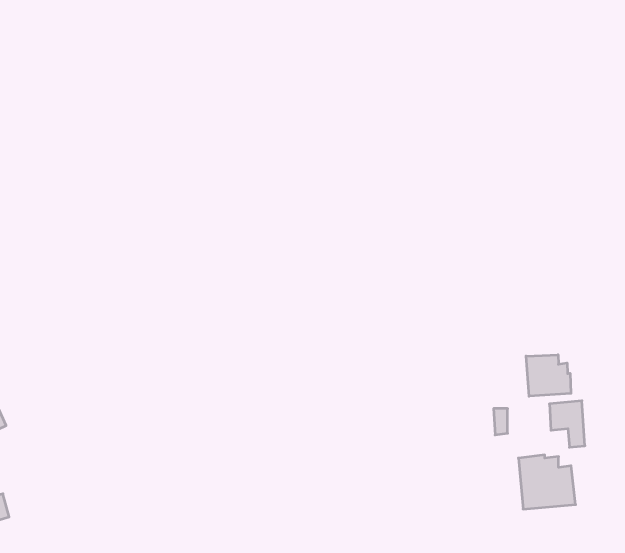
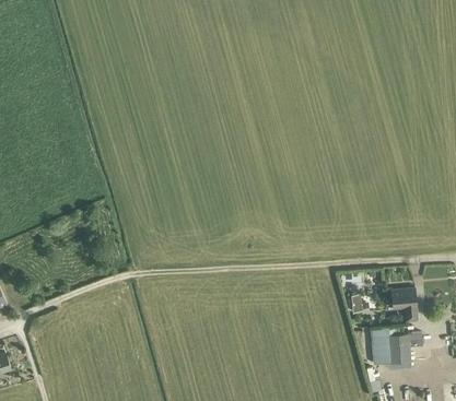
building: [526,355,571,396] -> none

